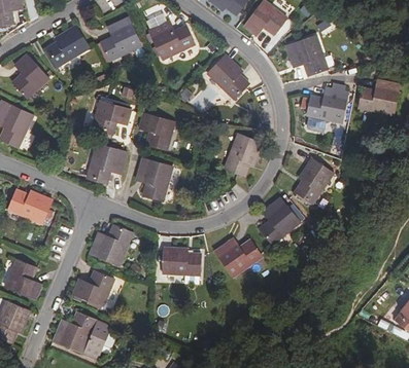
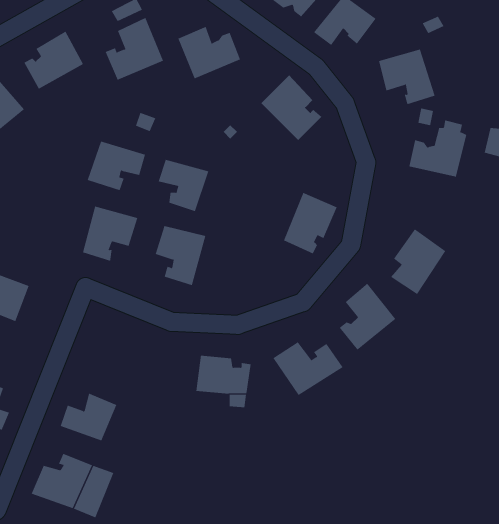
building: [88,227,129,267] -> none

